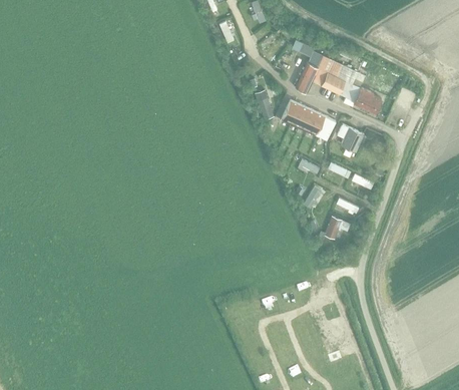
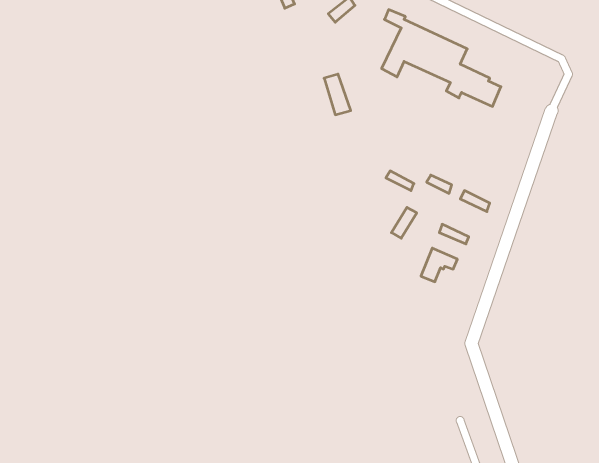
building: [282,99,336,140] -> none
building: [337,124,365,151] -> none

